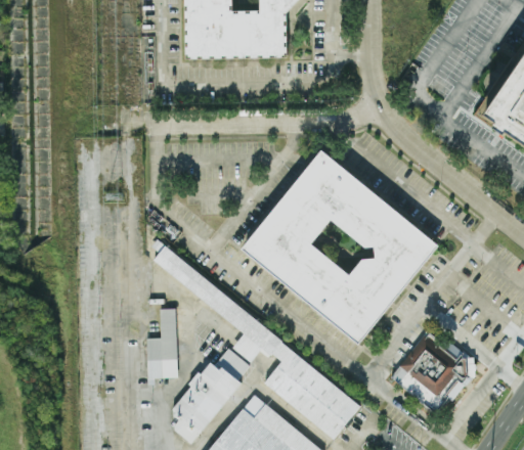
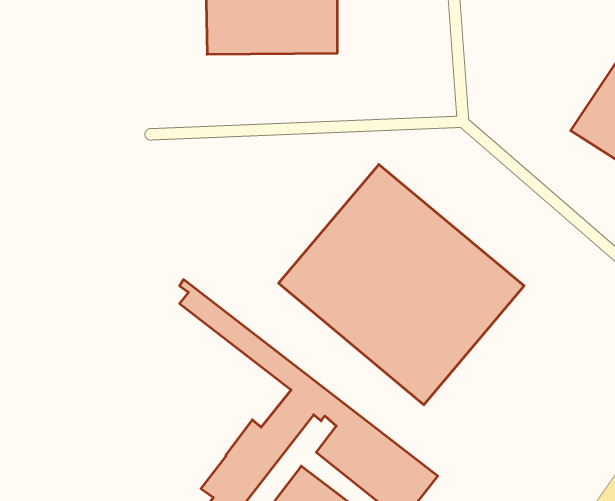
building: [149,308,180,377] -> none
building: [392,331,480,415] -> none

